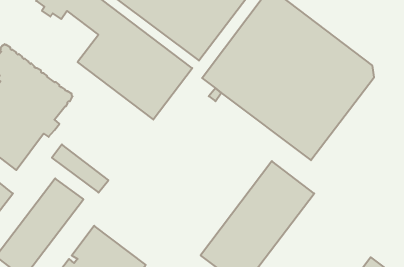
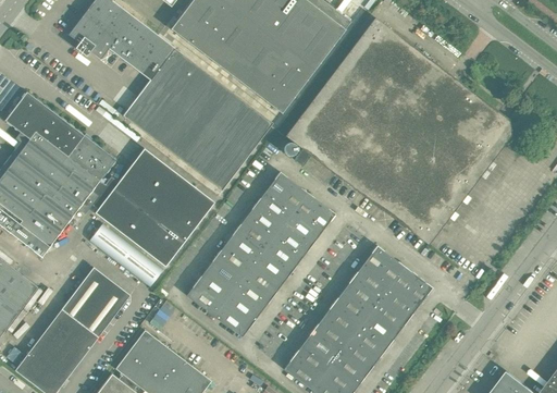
building: none -> [91,148,213,267]
building: none -> [185,172,334,337]

